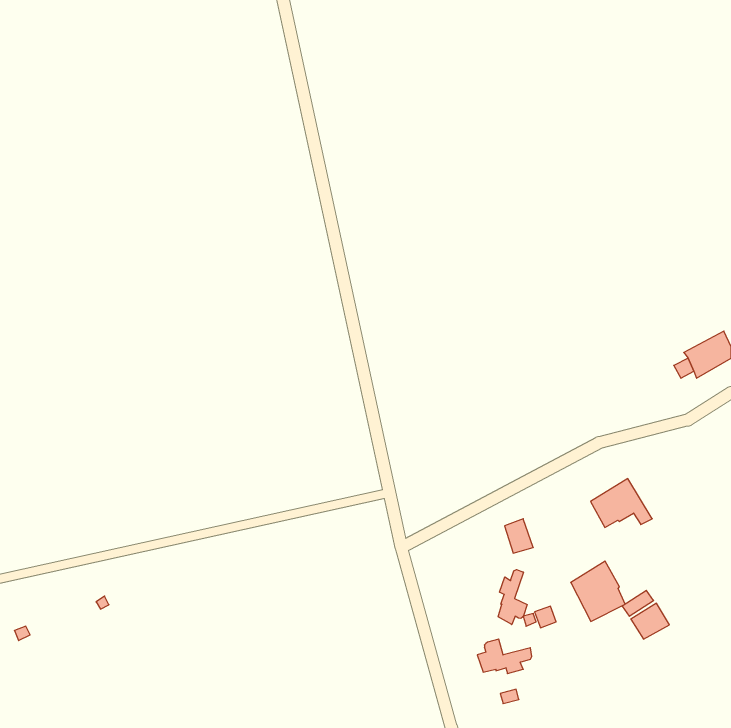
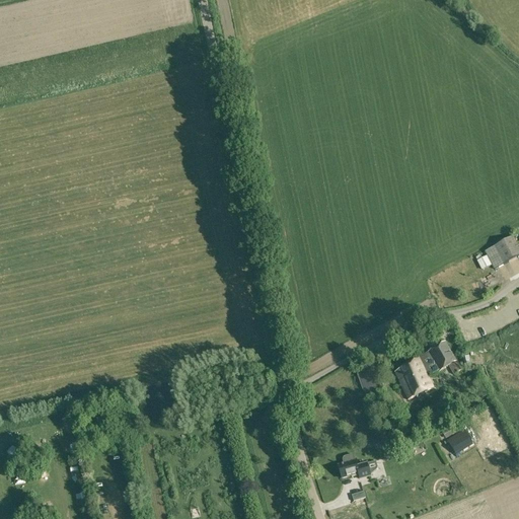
building: [571,561,625,621] -> [393,355,432,397]
building: [498,570,527,625] -> none

